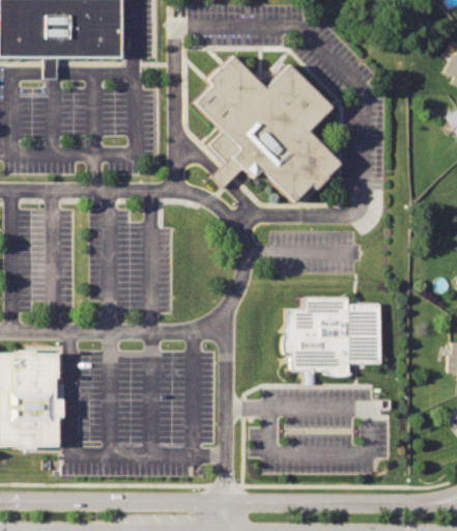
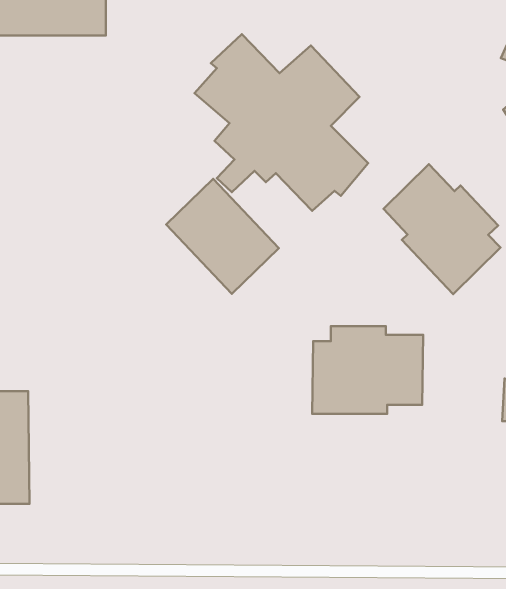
building: none -> [383,164,500,294]
building: none -> [166,179,279,294]

